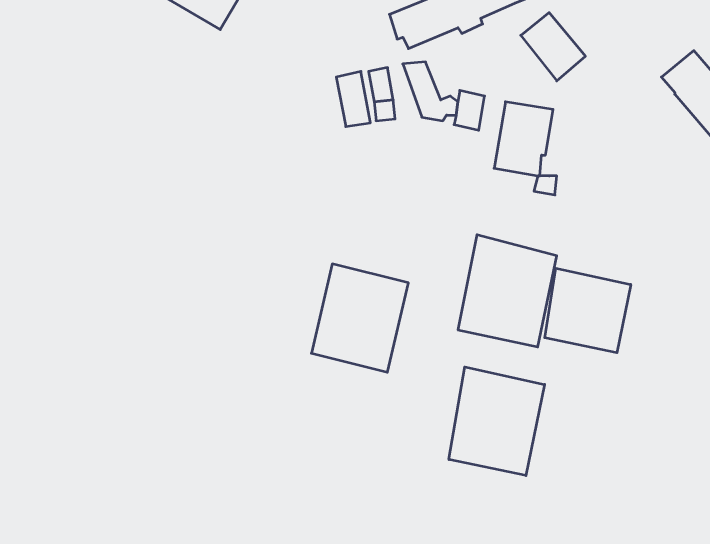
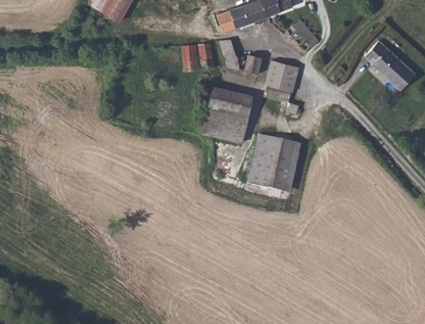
building: [311,264,408,372] -> [202,85,254,143]
building: [545,268,631,353] -> none
building: [449,367,545,476] -> none

